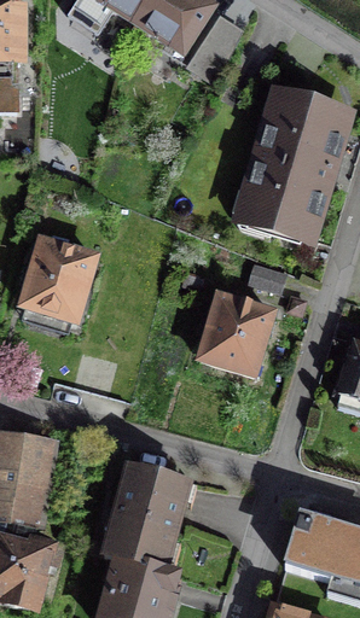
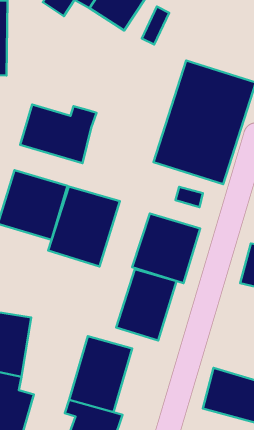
building: none -> [20,105,97,163]
building: none -> [48,186,120,267]
building: none -> [116,269,177,341]

